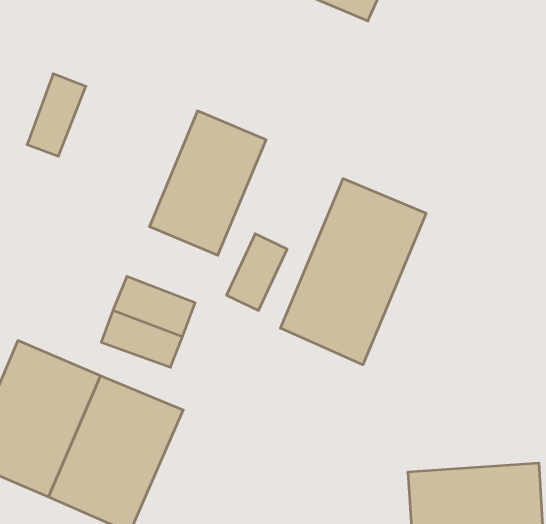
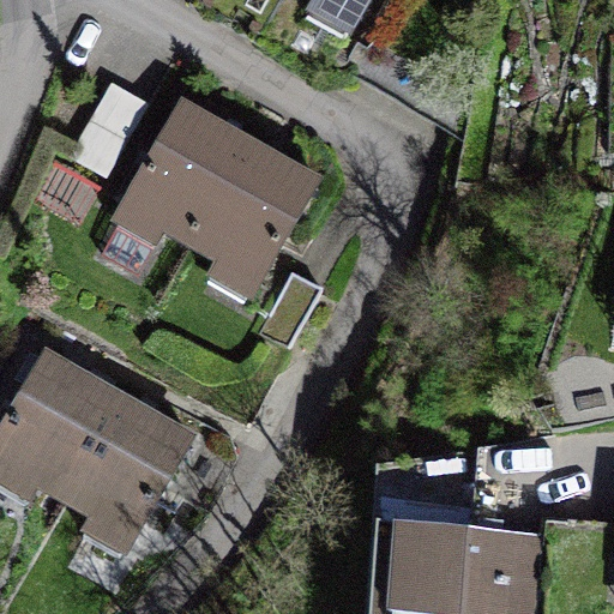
building: none -> [120,103,248,248]
building: [280,179,426,365] -> none

